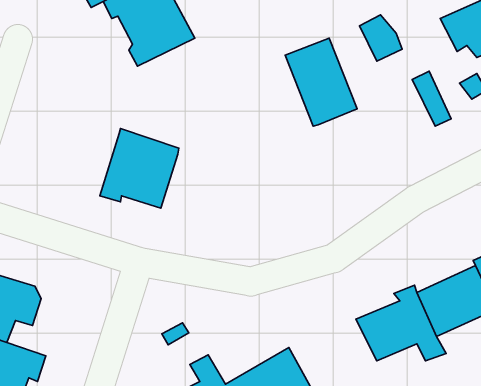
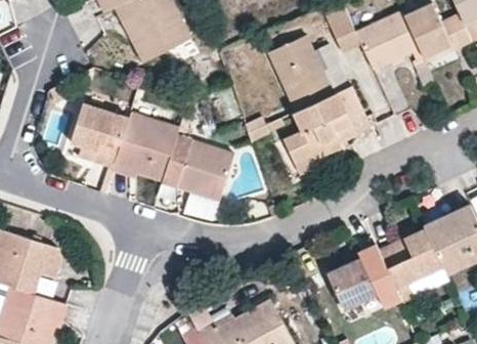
building: none -> [360,17,413,71]
building: none -> [286,86,368,163]
building: none -> [69,104,128,171]
building: none -> [162,136,234,203]

